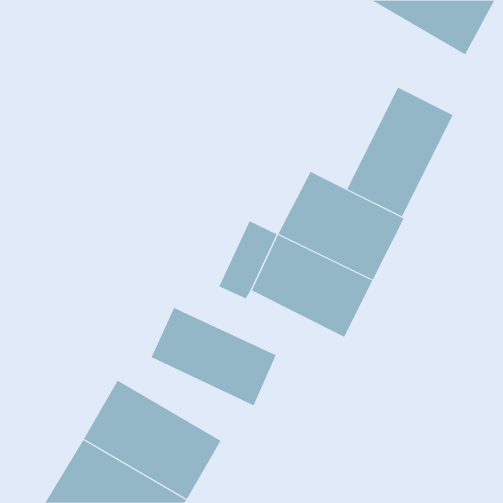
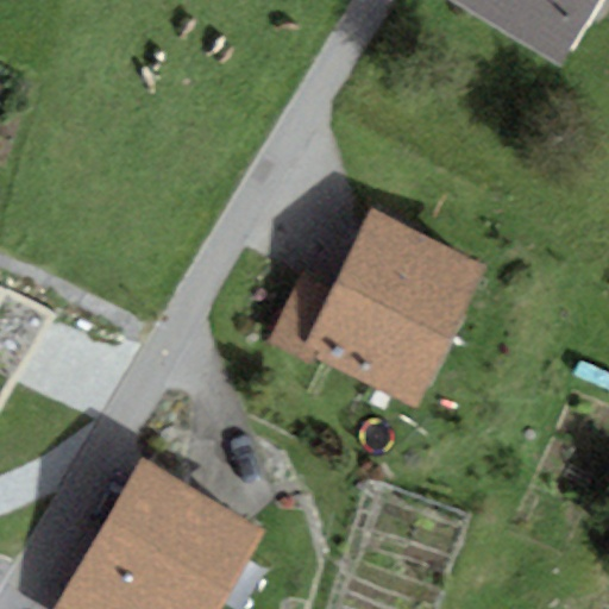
building: [347,87,453,217] -> none
building: [151,307,277,406] -> none

